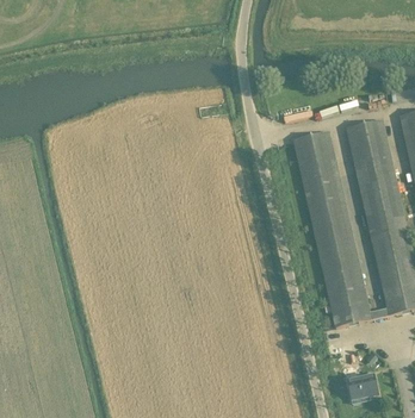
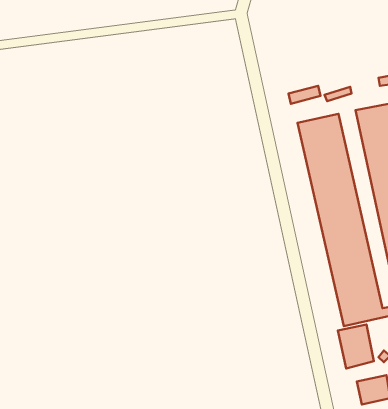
building: none -> [338,325,374,369]

